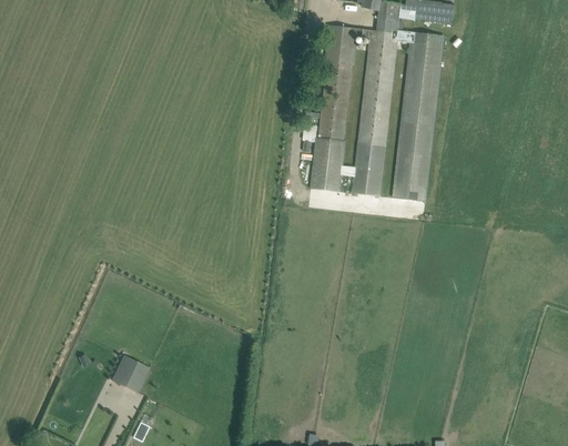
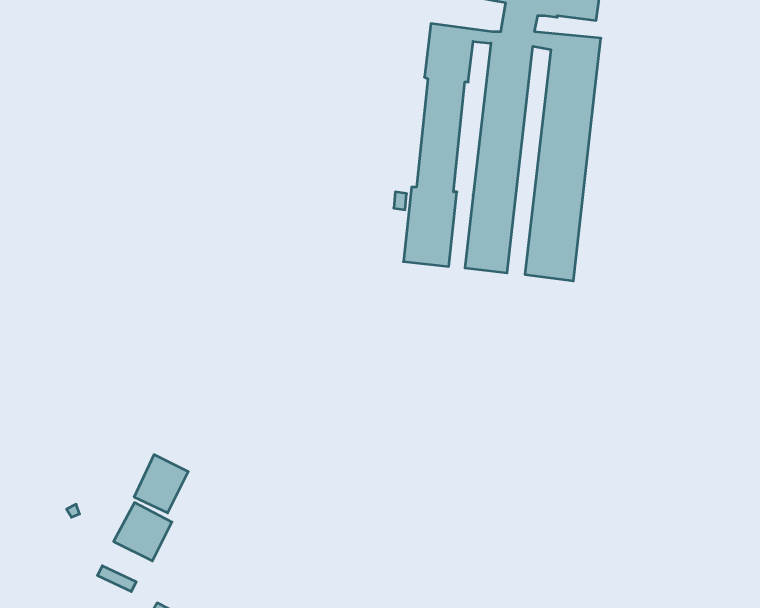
building: none -> [134,455,188,513]

